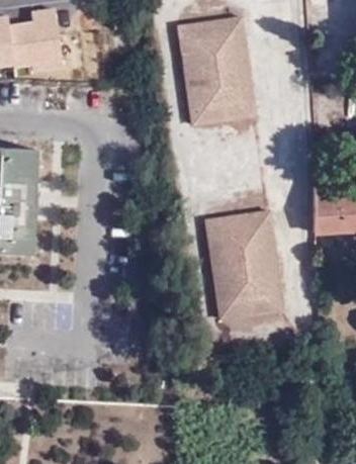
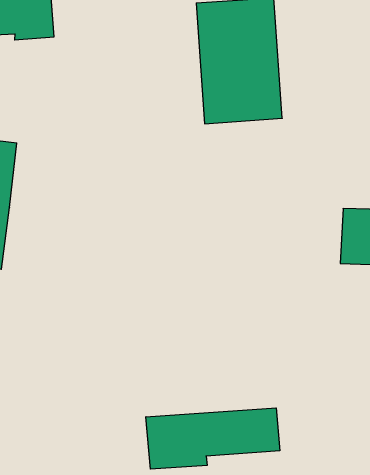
building: [208,211,285,320] -> none
building: none -> [146,408,280,469]

